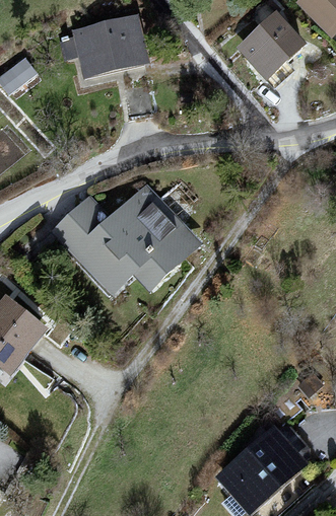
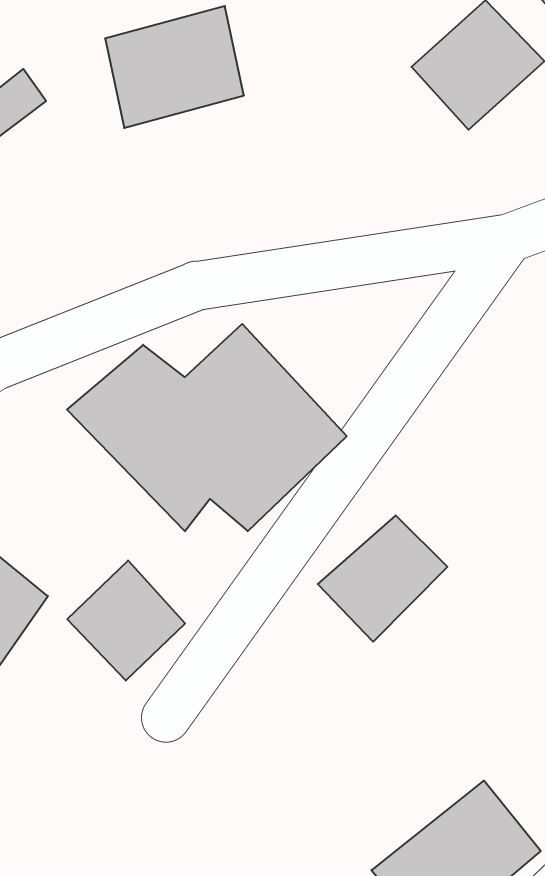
building: none -> [318,515,447,642]
building: none -> [67,560,185,681]

